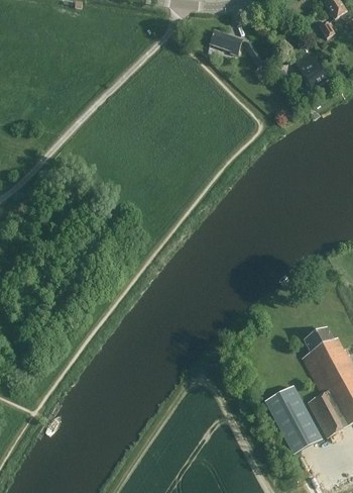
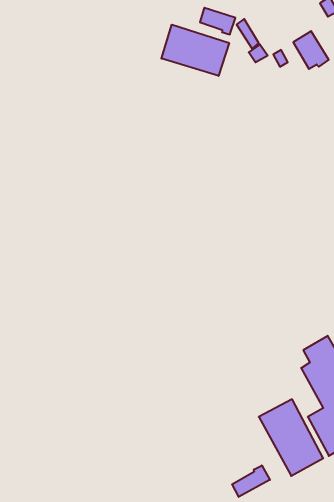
building: none -> [161,25,229,76]
building: none -> [232,465,270,497]

